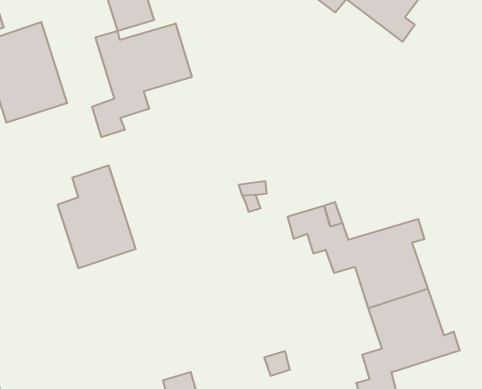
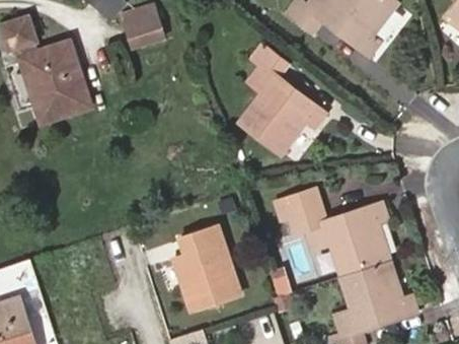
building: [92,23,192,137] -> none
building: none -> [241,46,324,152]
building: [58,166,136,268] -> [175,223,240,308]

